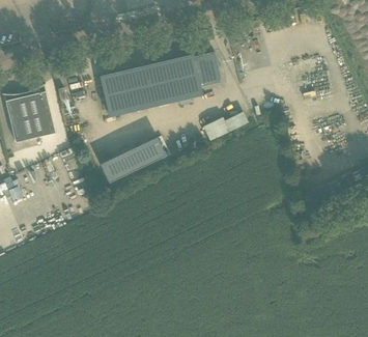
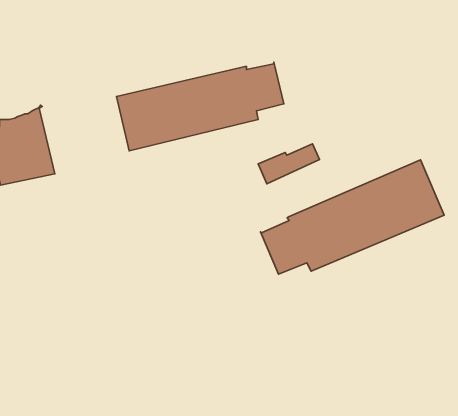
building: none -> [261,160,444,274]
building: [97,137,164,181] -> none

